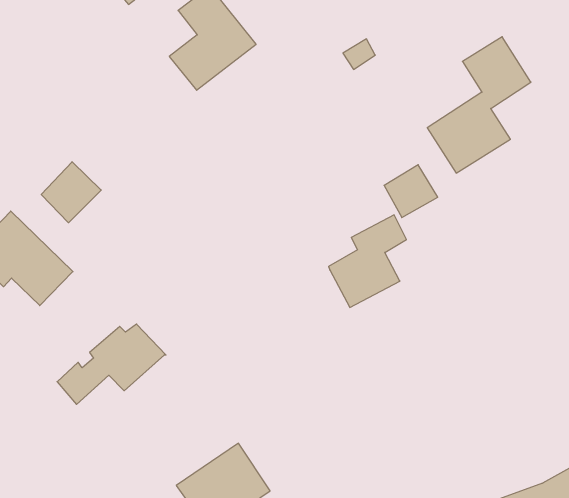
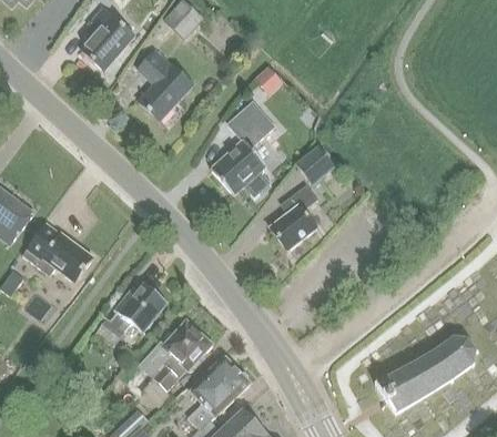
building: [427,37,531,173] -> [210,98,275,195]
building: [41,162,101,223] -> none
building: none -> [139,318,214,392]

